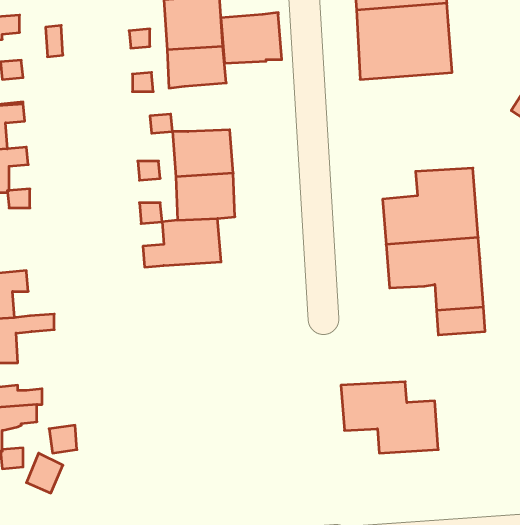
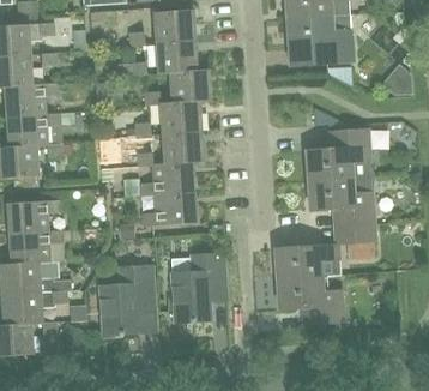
building: [221,13,282,63] -> [168,67,210,102]
building: none -> [141,192,195,225]
building: none -> [273,242,338,277]
building: none -> [171,251,226,321]
building: none -> [99,264,156,335]

